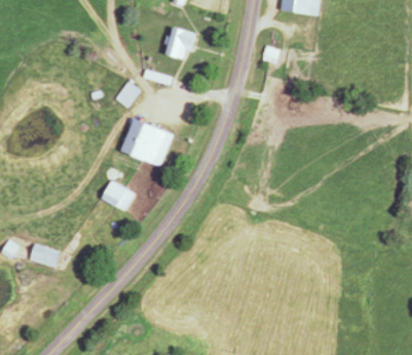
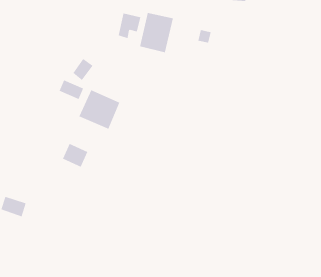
building: none -> [140,12,174,53]
building: none -> [59,80,84,100]

